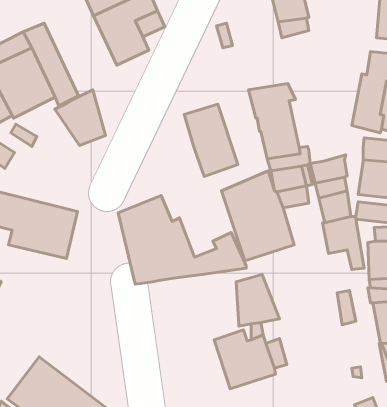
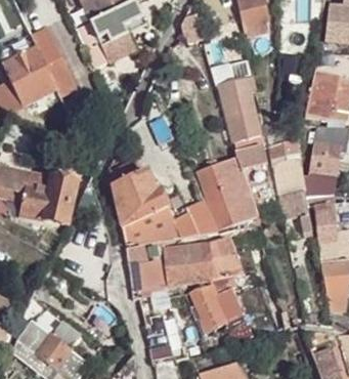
building: [55,90,105,146] -> none
building: [184,104,238,177] -> none
building: none -> [125,243,165,291]
building: none -> [165,243,211,283]

